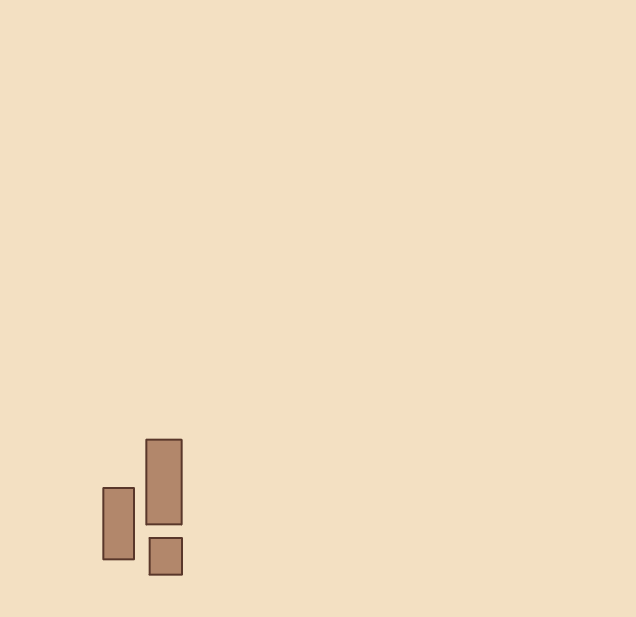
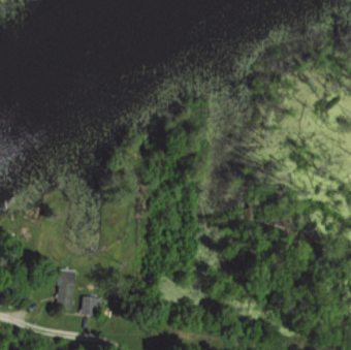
building: [146,440,181,525] -> none

